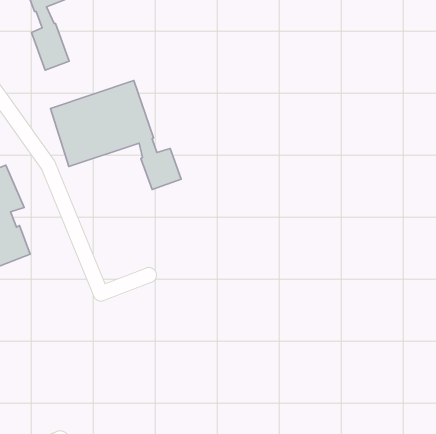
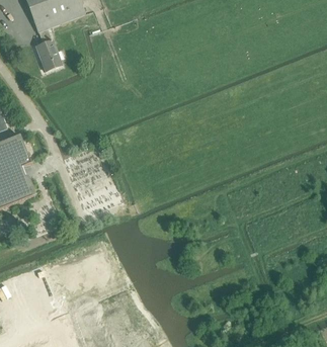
building: [51,81,181,189] -> none

